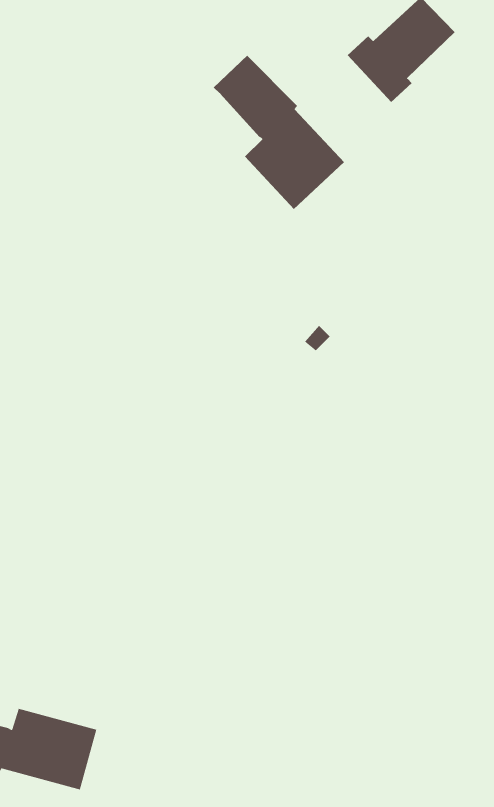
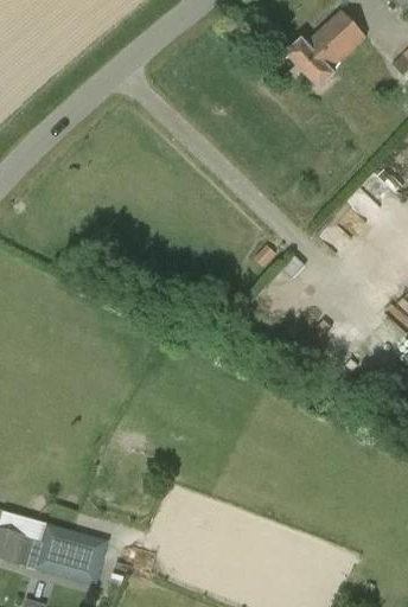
building: [213,55,345,210] -> none

